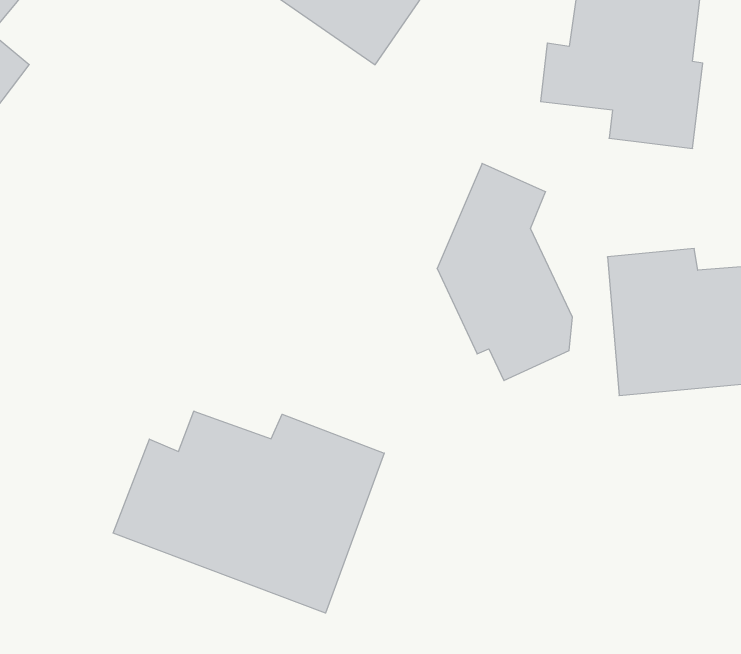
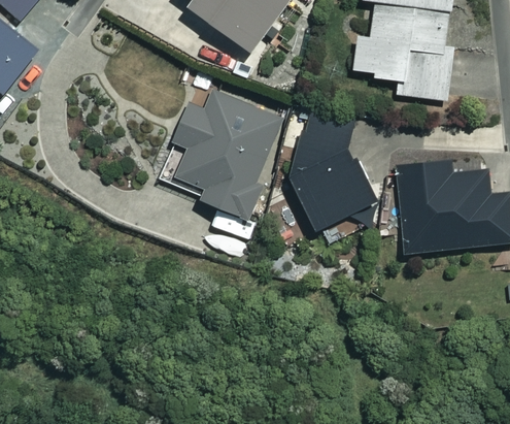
building: none -> [173,91,283,214]
building: [113,411,384,613] -> none

